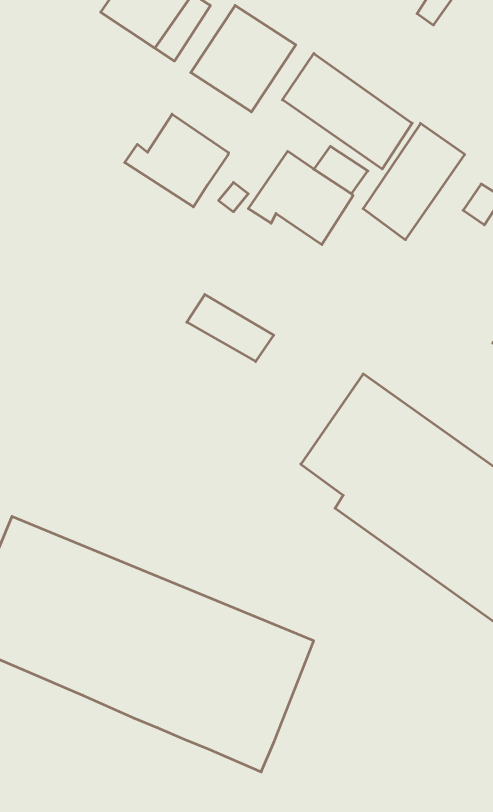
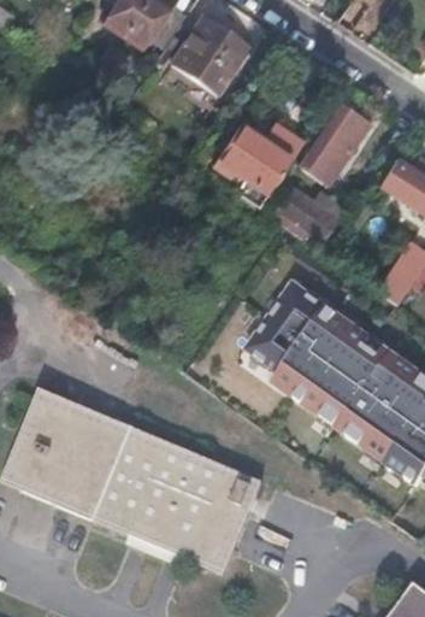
building: [282,53,412,169] -> none
building: [125,114,229,207] -> none
building: [187,294,274,362] -> [276,188,340,237]

